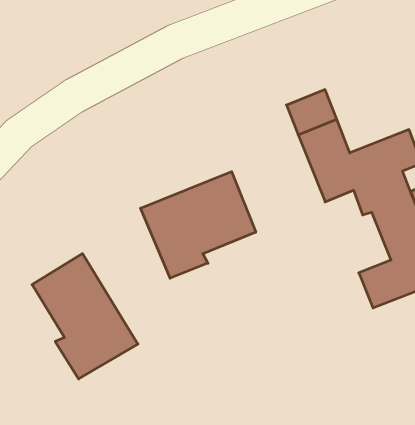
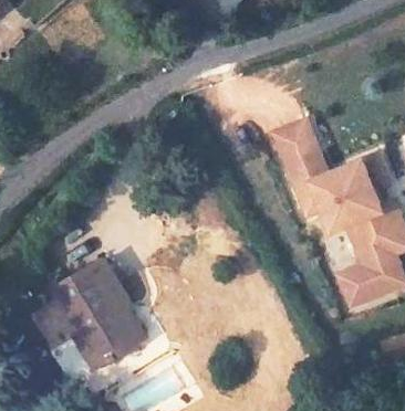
building: [141,172,256,278] -> none

